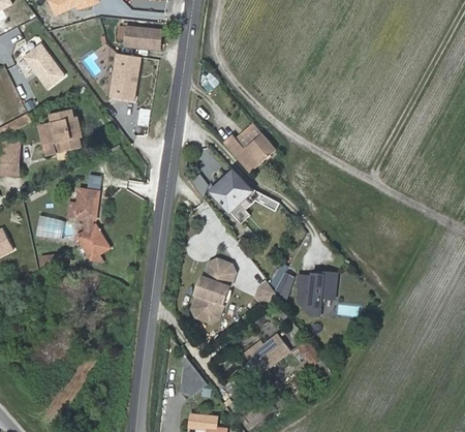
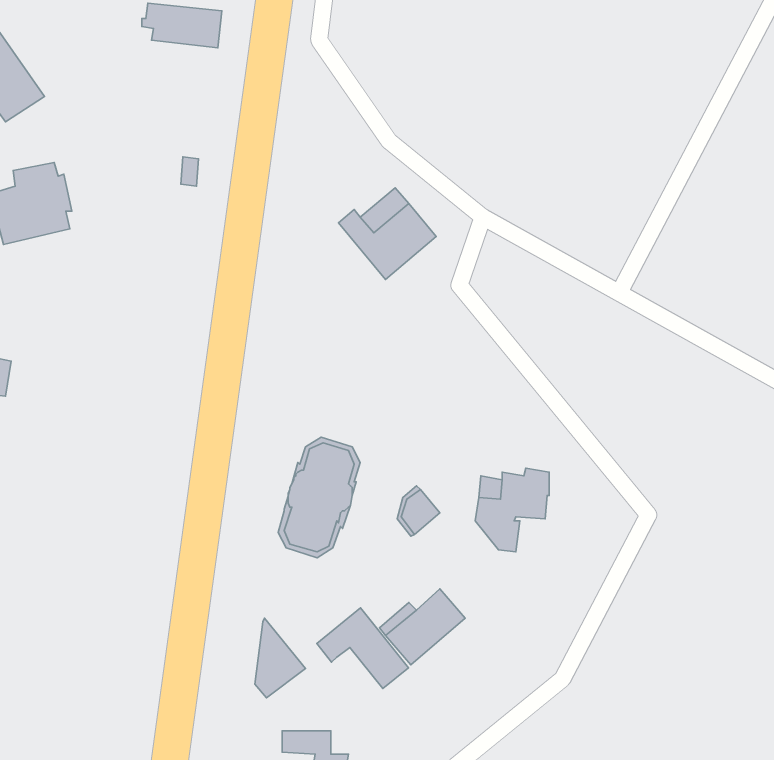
building: [112,54,141,100] -> none
building: [210,171,251,212] -> none
building: [67,189,105,261] -> none
building: [269,265,297,295] -> none
building: none -> [317,608,408,689]

